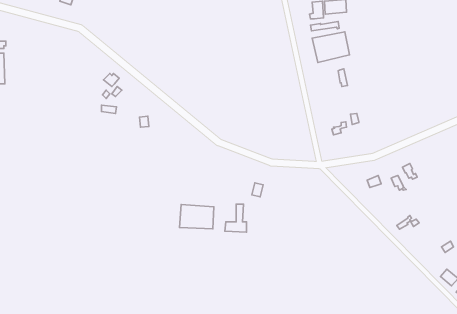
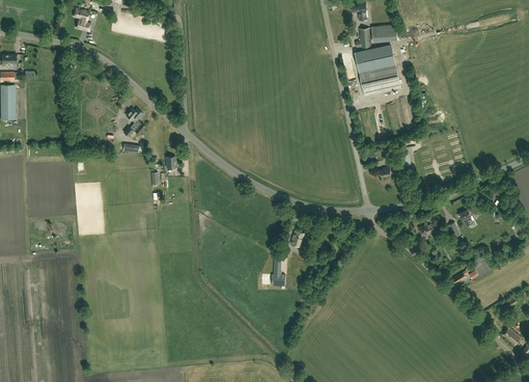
building: [179,204,214,229] -> none

